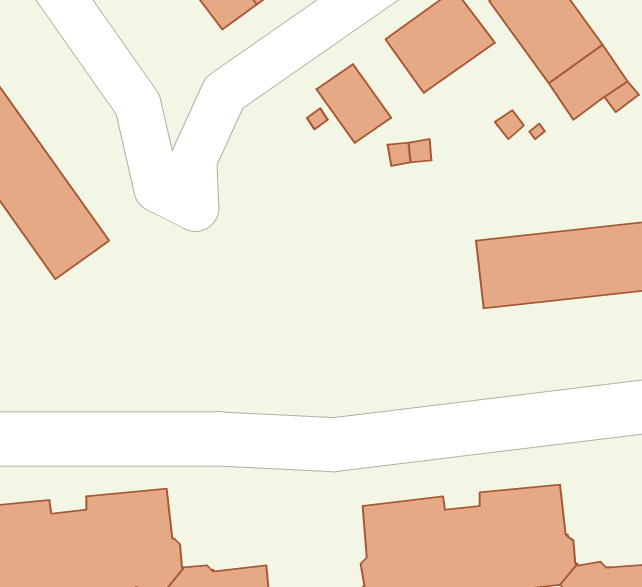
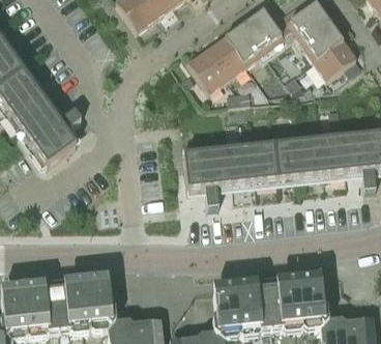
building: none -> [208,35,246,78]
building: none -> [183,144,279,190]

